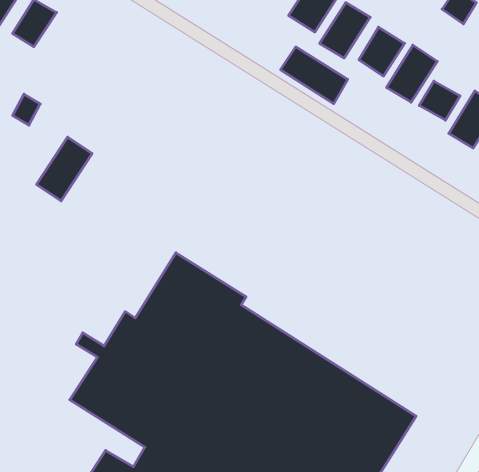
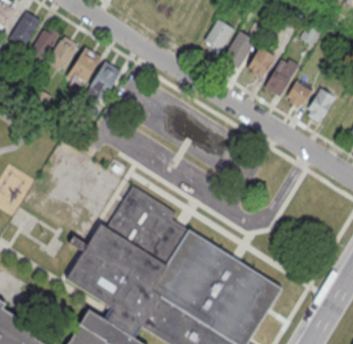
building: none -> [49,36,79,68]
building: none -> [66,46,101,86]
building: [281,47,348,104] -> none
building: [37,137,92,201] -> [86,60,120,100]

